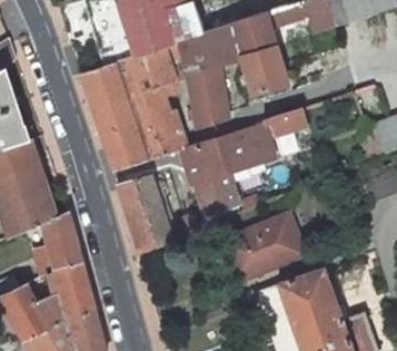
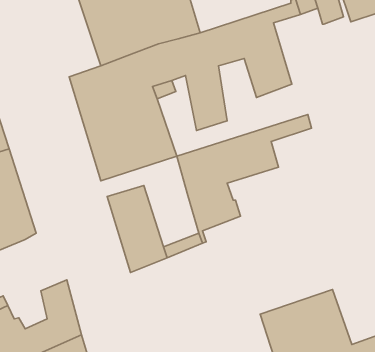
building: [36,211,81,276] -> none
building: [220,213,306,280] -> none

